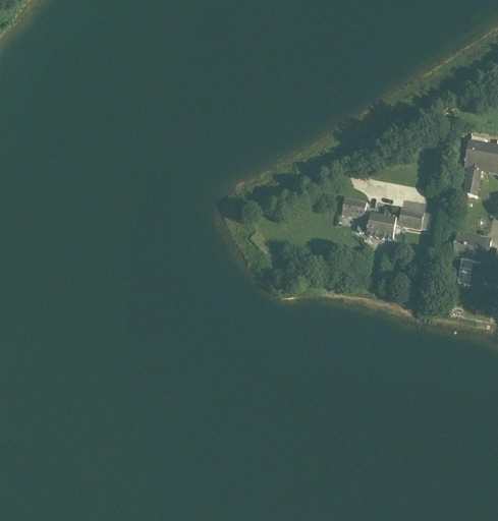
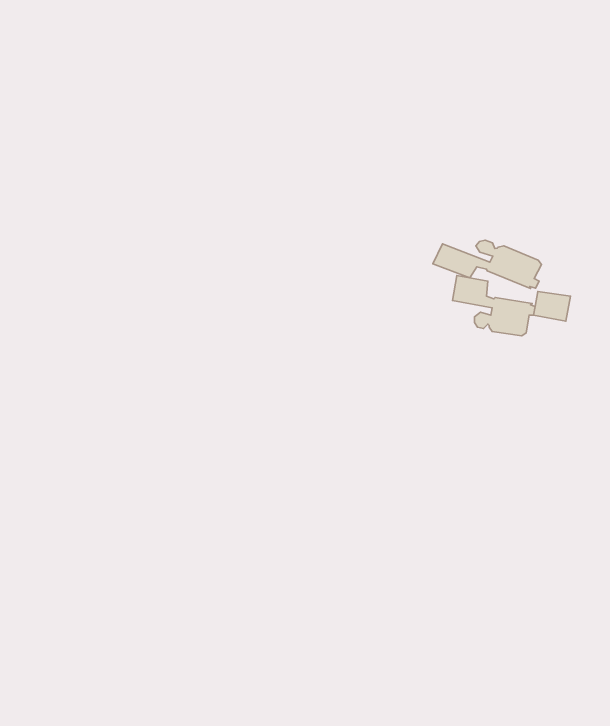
building: none -> [433,240,541,288]

